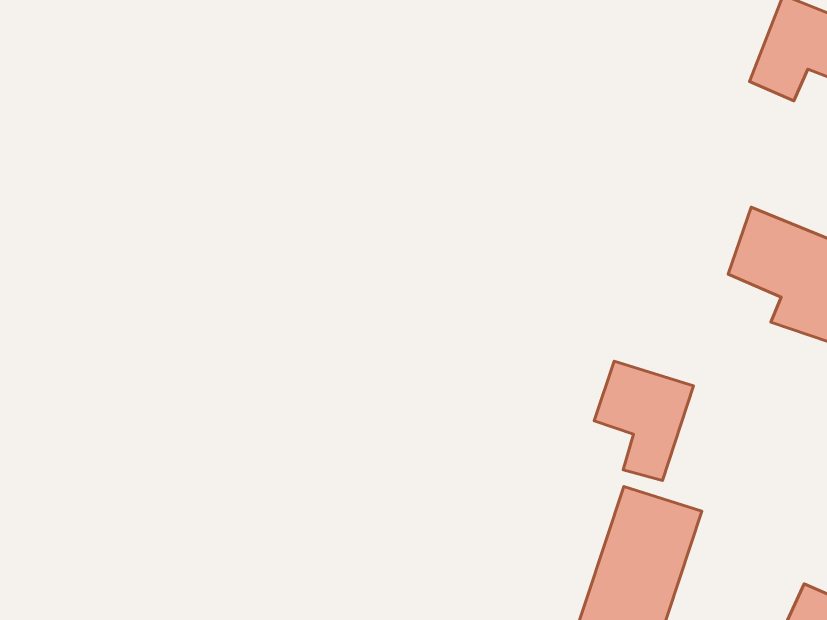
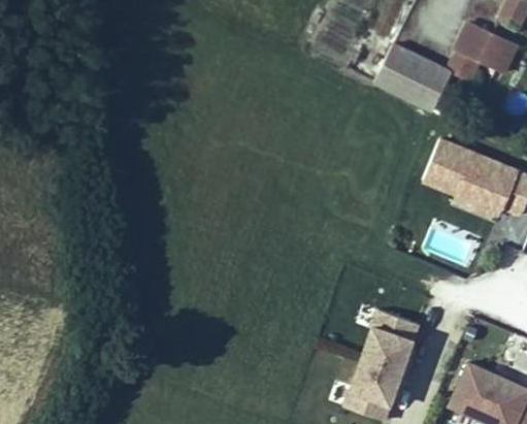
building: none -> [373,41,451,110]
building: [594,361,694,480] -> none

